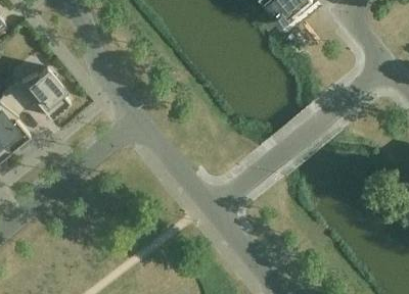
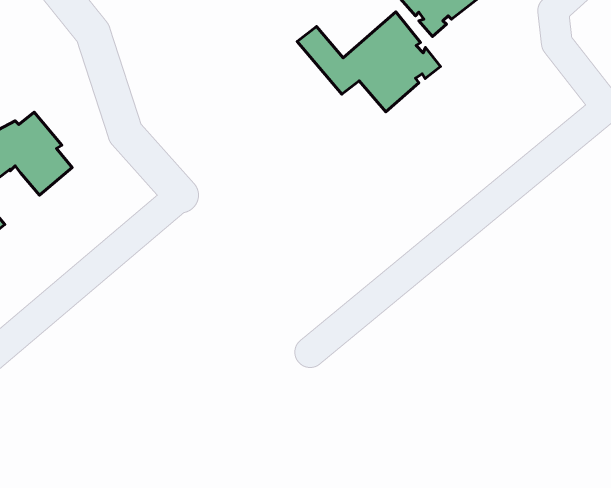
building: none -> [297,12,440,112]

